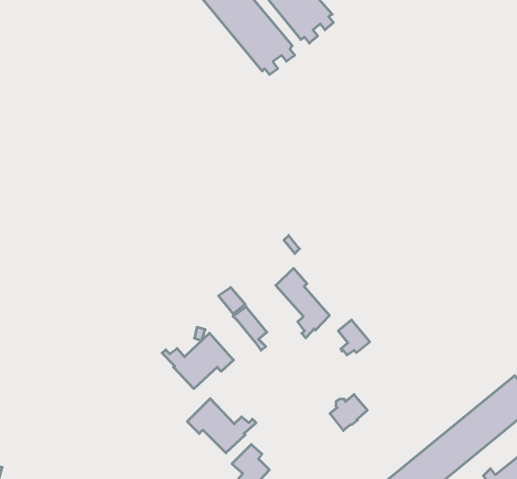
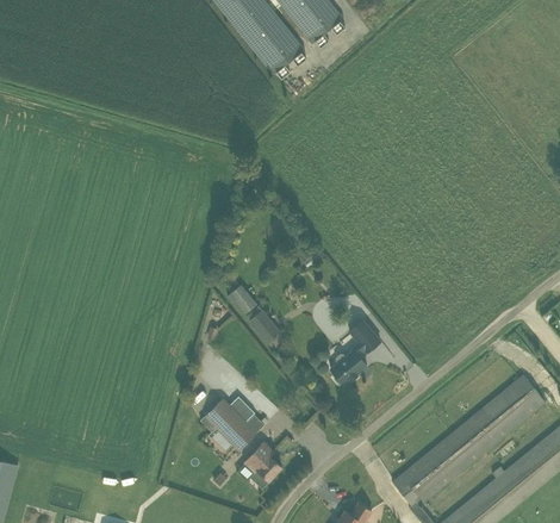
building: [276,268,329,338] -> none
building: [162,333,234,389] -> none
building: [330,394,367,431] -> [329,348,366,384]

